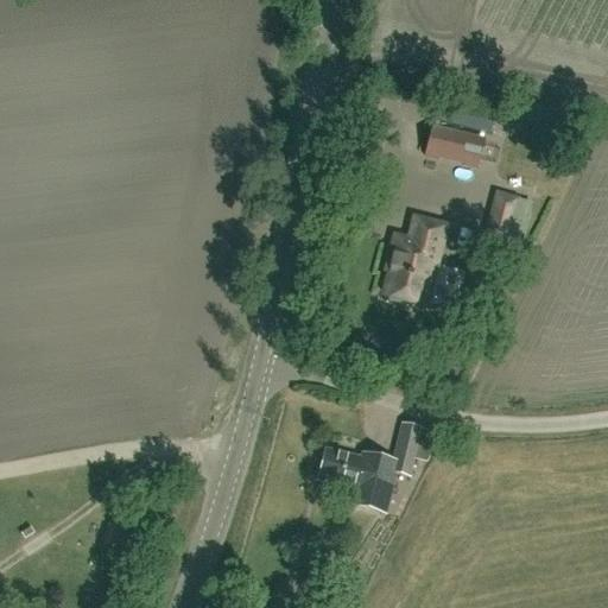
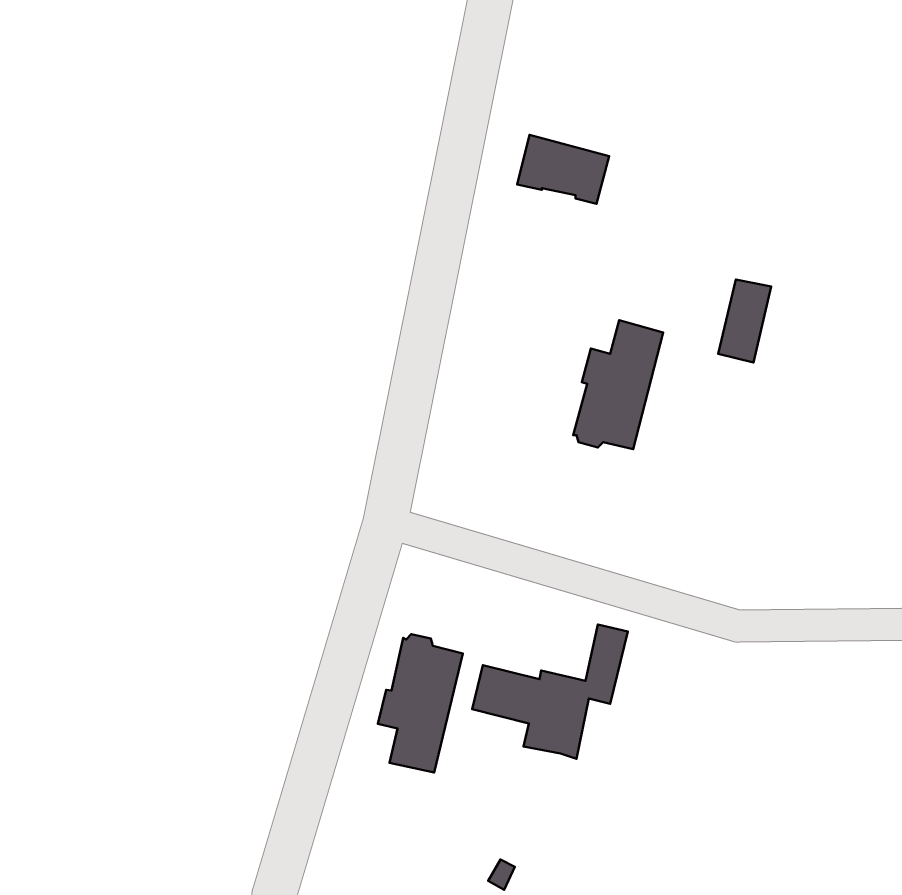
building: [424,120,486,166] -> [517,135,609,204]
building: none -> [378,634,463,772]

